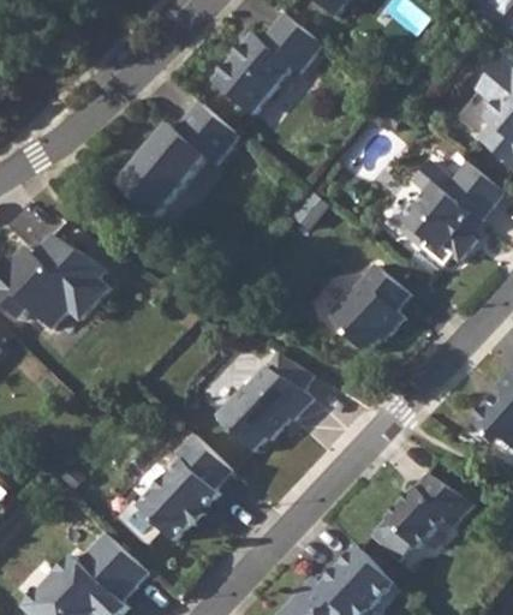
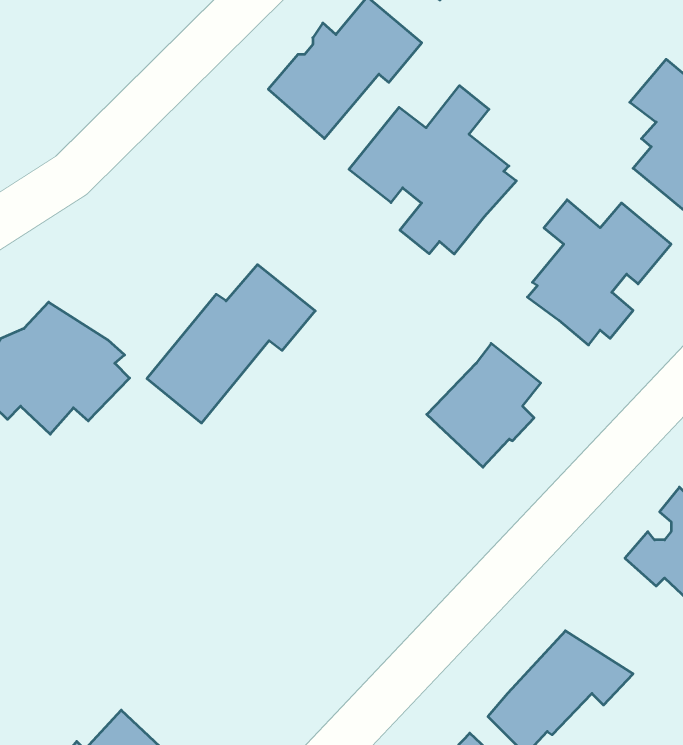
building: none -> [349,86,516,254]
building: [117,103,239,219] -> [147,265,315,423]
building: [215,368,312,452] -> none
building: [136,435,231,541] -> none

